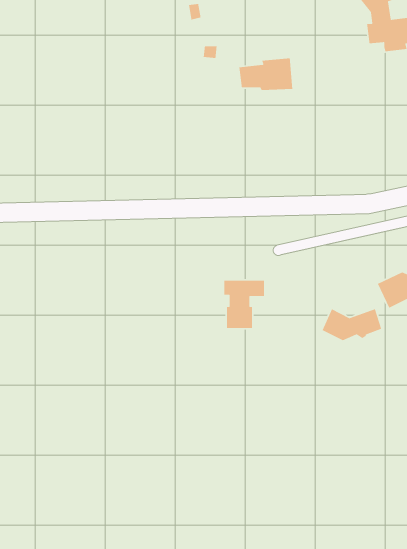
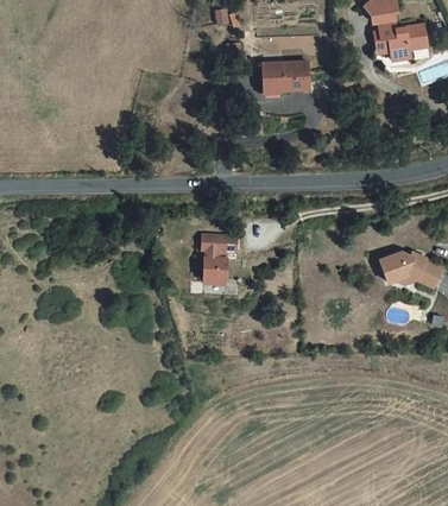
building: [224,280,265,329] -> [203,238,240,282]
building: [321,308,382,341] -> none

